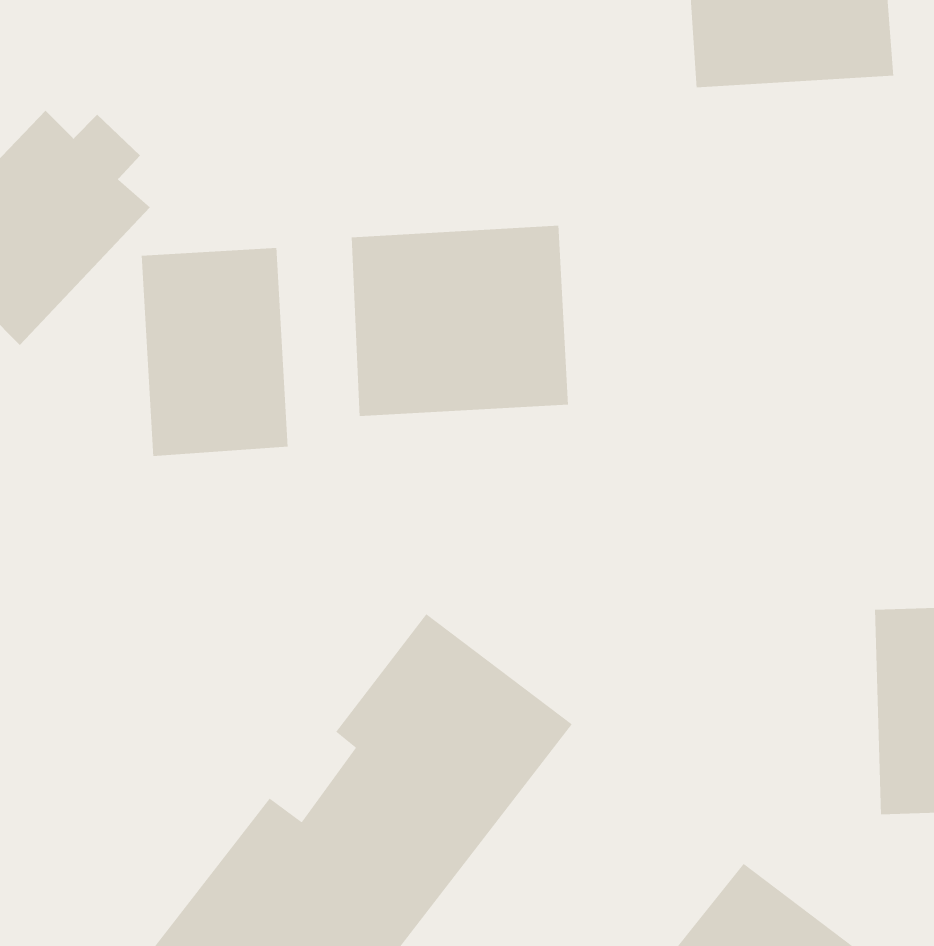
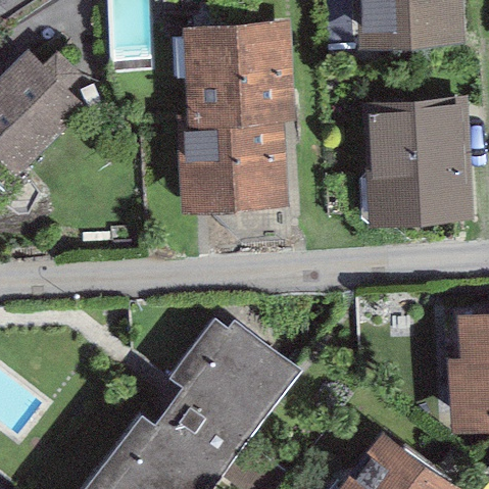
building: none -> [178,23,290,123]
building: none -> [361,107,471,225]
building: [141,247,288,457] -> none

